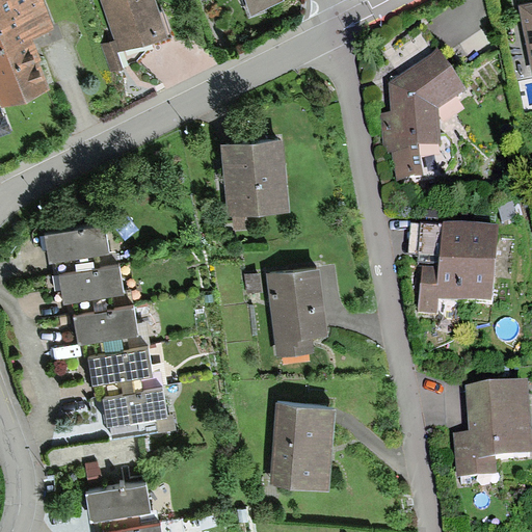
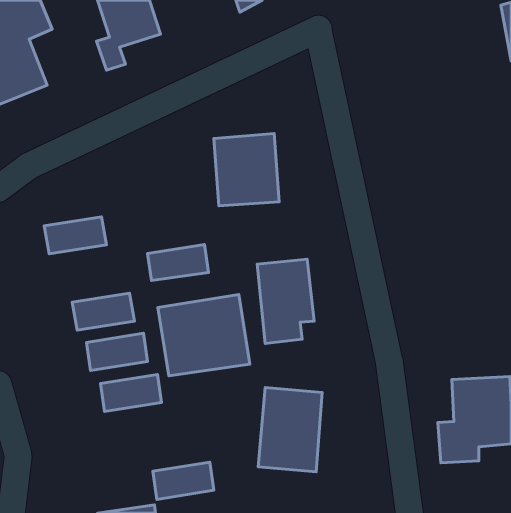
building: [380,51,469,181] -> none
building: [416,231,498,317] -> none
building: [59,263,123,300] -> [147,244,209,281]
building: none -> [158,294,250,376]
building: [87,482,151,521] -> [153,462,214,499]

